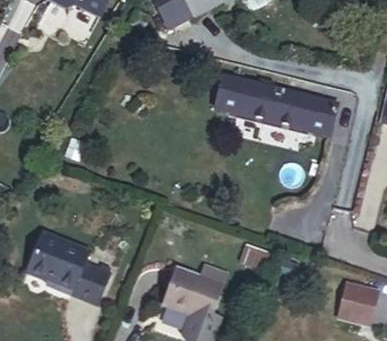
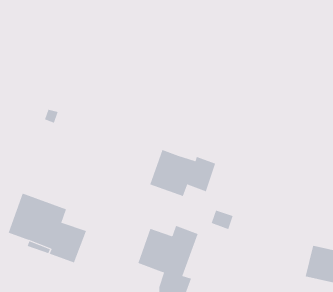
building: [215,74,337,135] -> none
building: none -> [149,149,216,197]

